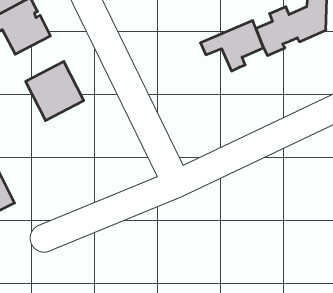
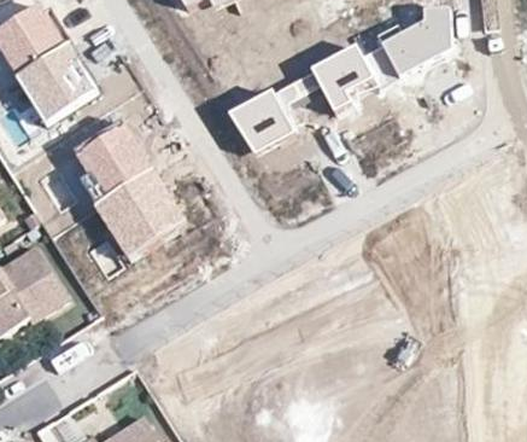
building: none -> [228,77,299,152]
building: none -> [100,165,182,249]

